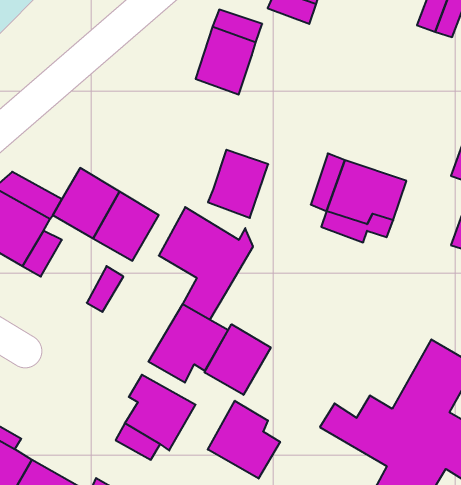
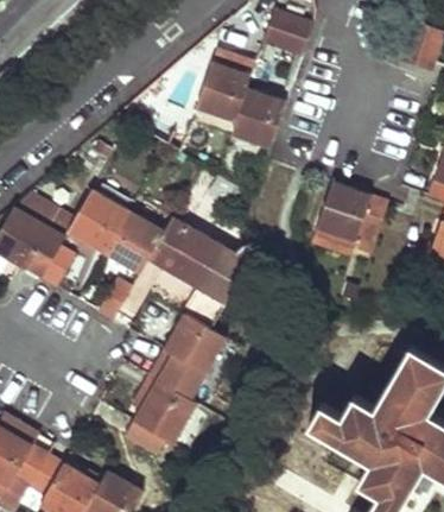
building: [208,150,268,218] -> [233,88,287,150]
building: [205,324,271,395] -> none
building: [208,401,280,479] -> none

